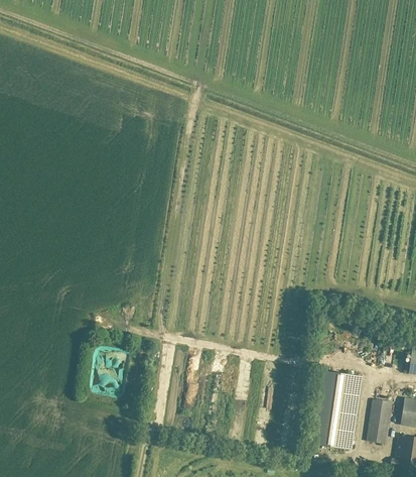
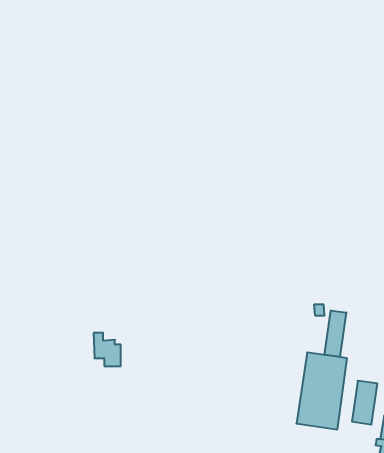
building: none -> [325,310,346,357]

